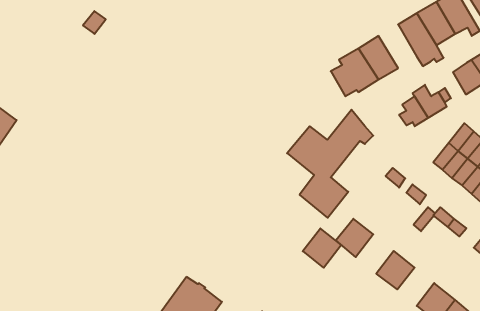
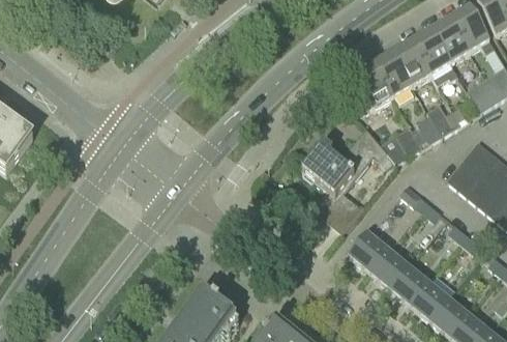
building: none -> [394,41,433,85]
building: none -> [381,124,424,162]
building: [303,228,341,268] -> [371,251,410,290]
building: none -> [413,274,458,322]

